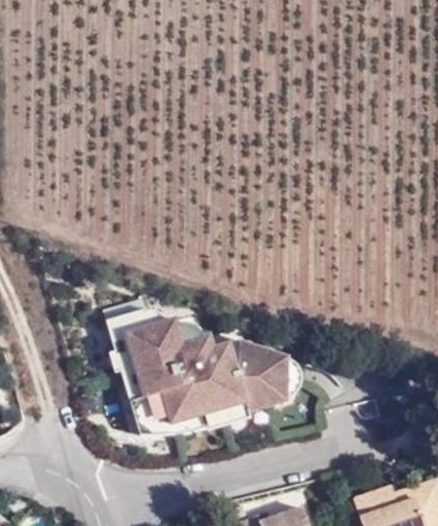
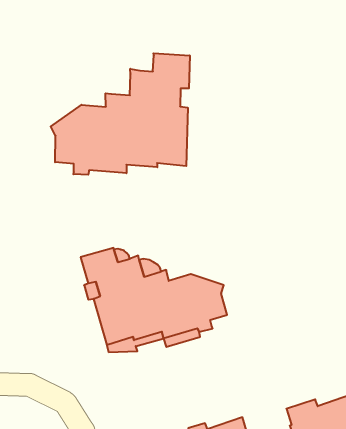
building: none -> [51,53,190,175]
building: [260,350,299,401] -> none

